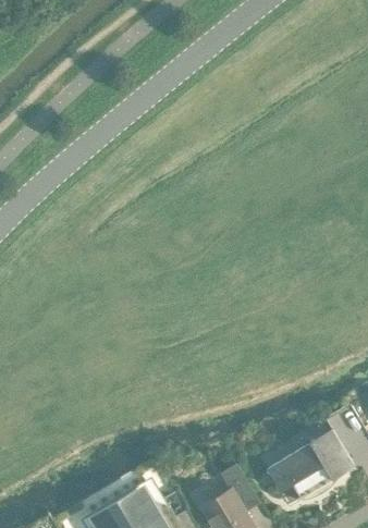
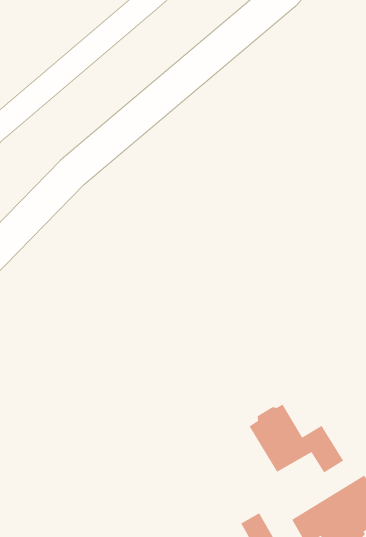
building: none -> [248,403,344,474]

